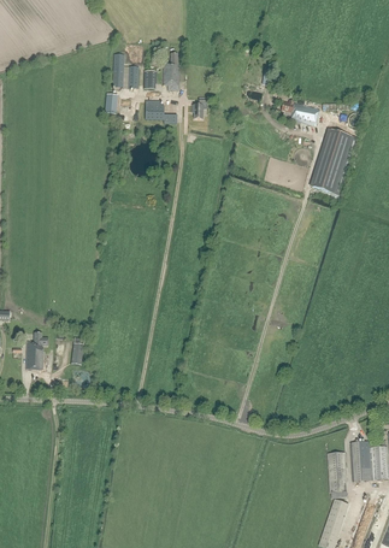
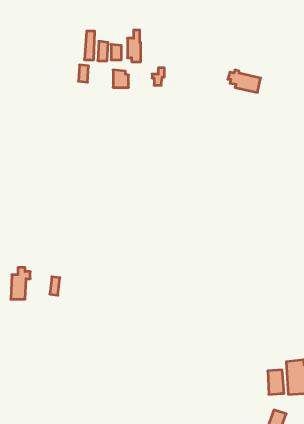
building: [312,128,358,195] -> none

